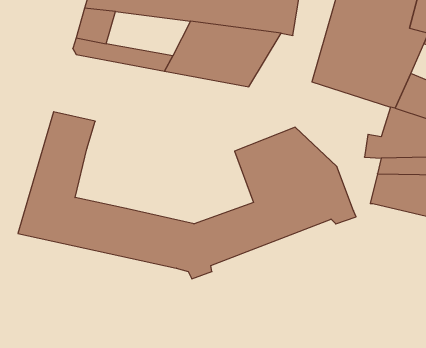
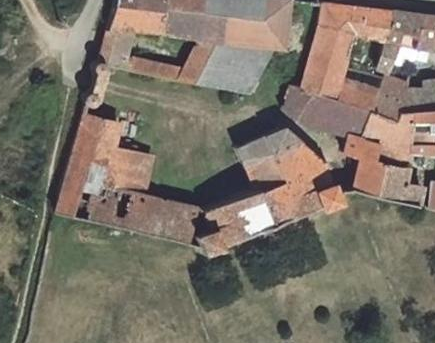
building: none -> [281,82,367,133]
building: none -> [102,143,155,193]

